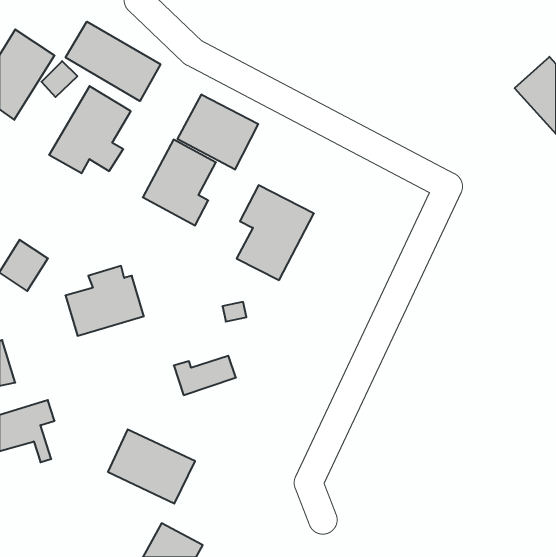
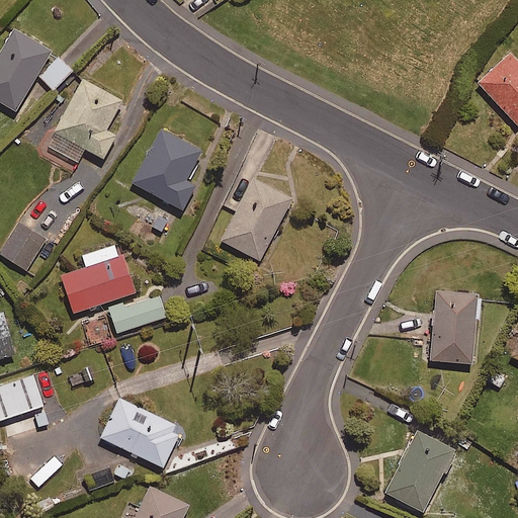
building: [66,22,160,101] -> none
building: [178,94,258,170] -> none
building: none -> [430,290,482,363]
building: [174,356,236,395] -> [107,296,165,333]
building: none -> [385,430,459,512]

